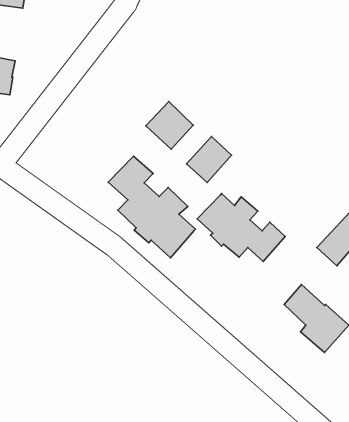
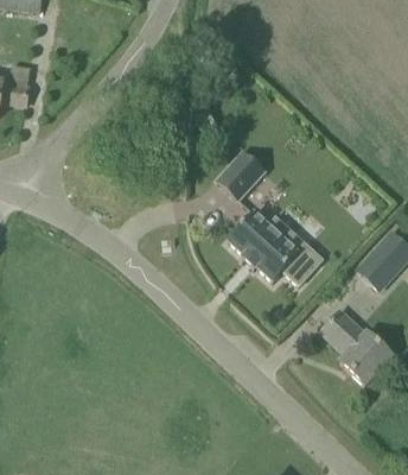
building: [146,101,193,149] -> none
building: [108,156,195,258] -> none

